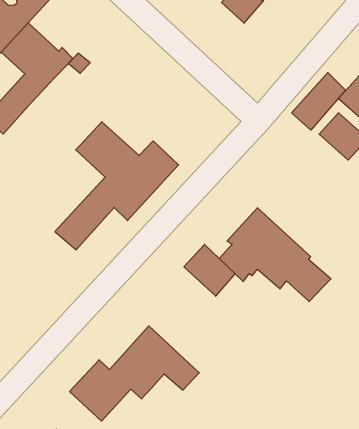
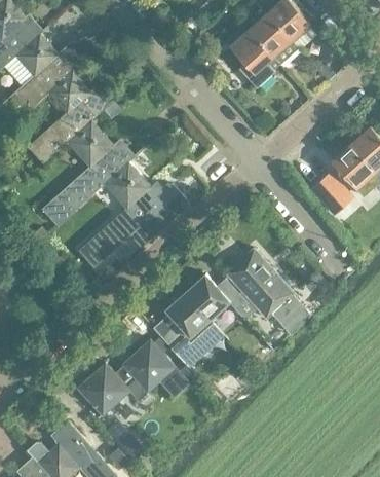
building: [292,73,346,130] -> none
building: none -> [41,119,134,224]
building: none -> [159,291,221,363]

